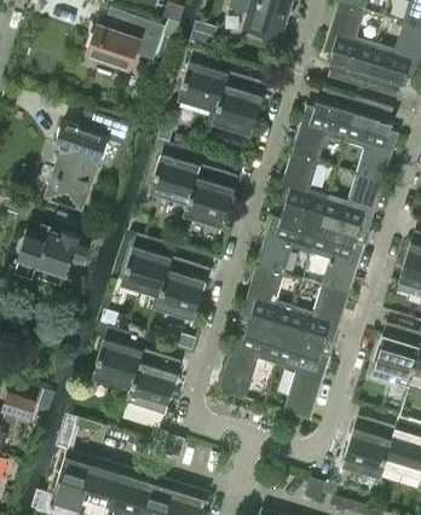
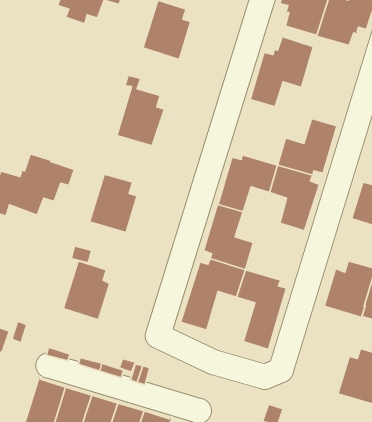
building: [210,73,263,135] -> none
building: [345,98,398,184] -> none
building: [46,111,128,209] -> none
building: [275,155,328,225] -> none
building: [183,166,233,228] -> none
building: [154,258,206,320] -> none
building: [286,287,350,347] -> none
building: [126,351,177,413] -> none
building: [341,419,396,479] -> none

